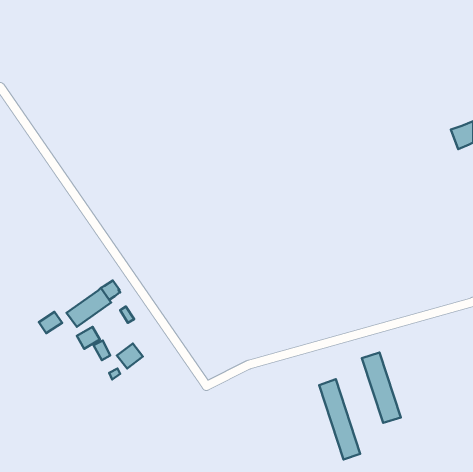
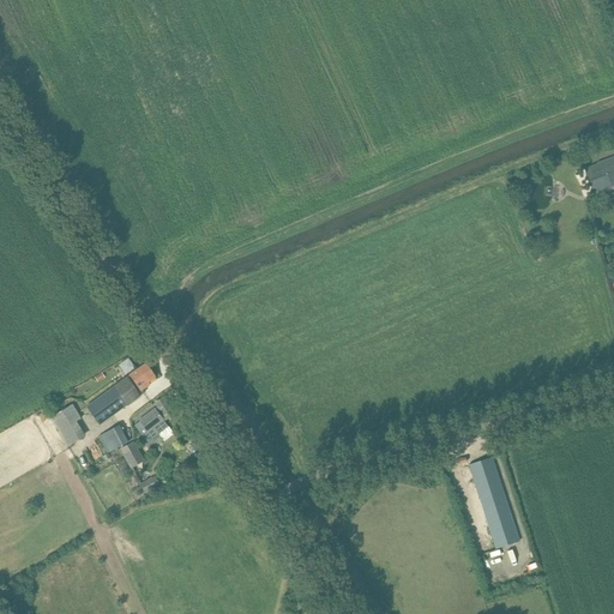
building: [117,344,143,369] -> [134,409,168,441]
building: [319,379,360,460] -> none

